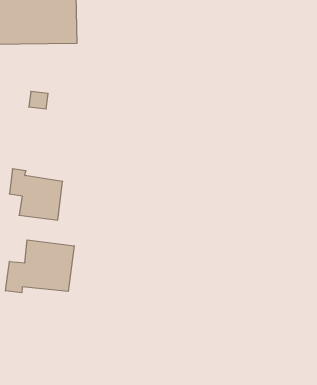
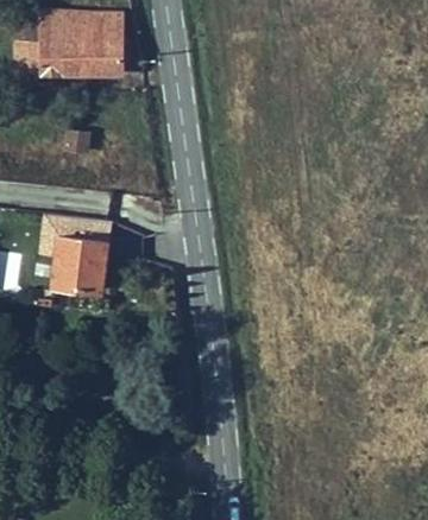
building: [6,240,74,293] -> none

